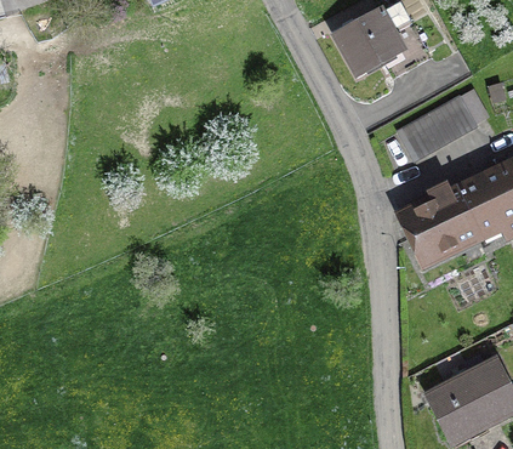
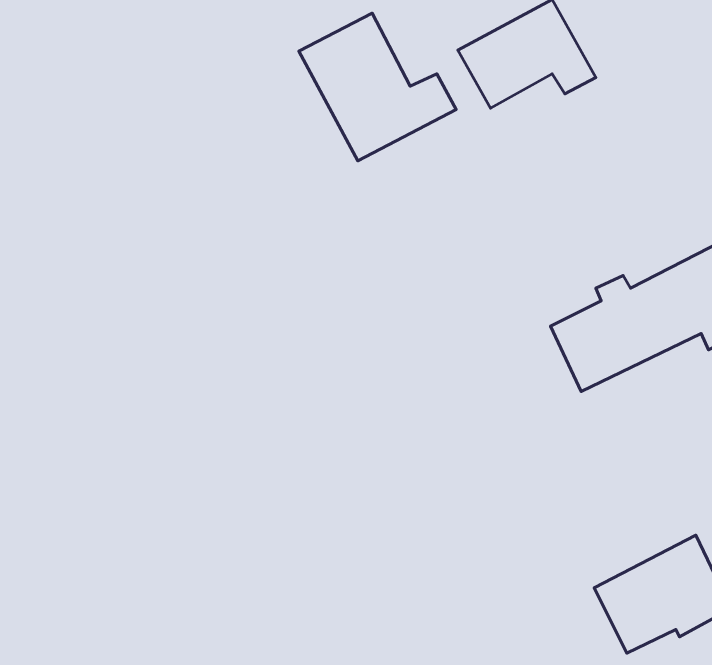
building: none -> [299,13,456,161]
building: [395,97,474,160] -> none

